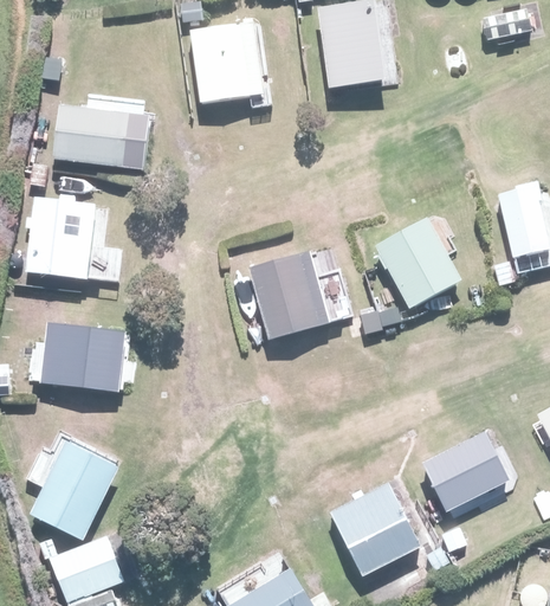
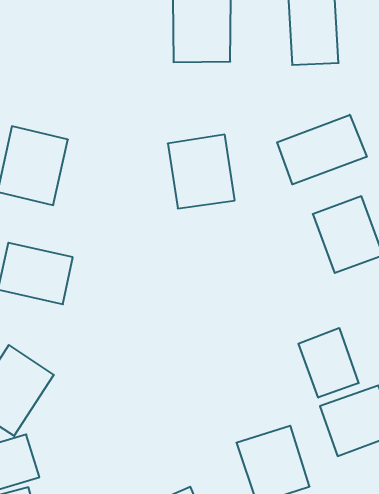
building: [51,103,150,168] -> none
building: none -> [277,115,367,184]
building: [250,249,332,337] -> [168,135,235,208]
building: none -> [298,328,359,398]

